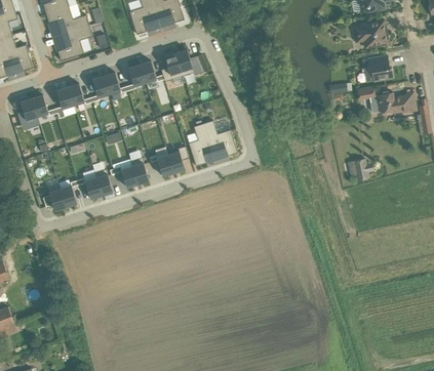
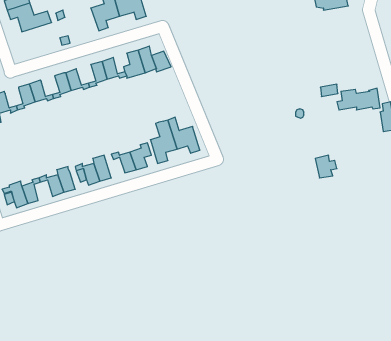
building: [354,19,388,47] -> none
building: [56,26,92,60] -> none
building: [364,54,393,81] -> none

